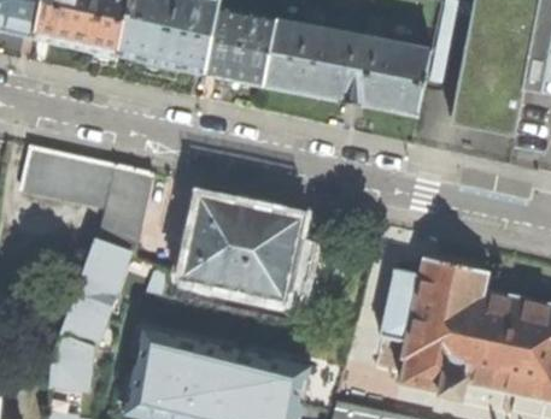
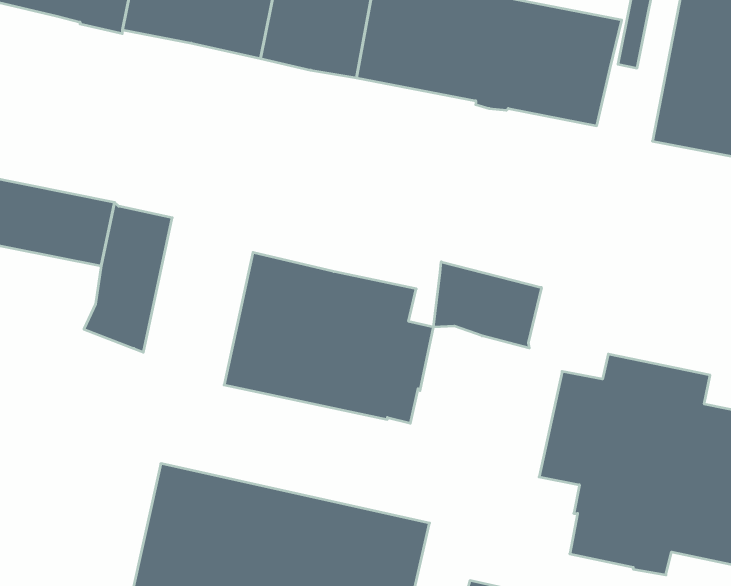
building: none -> [433,262,541,348]
building: [49,243,125,393] -> none

